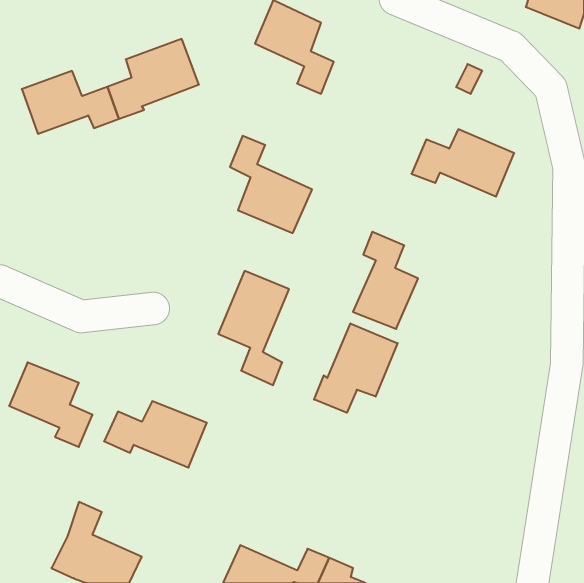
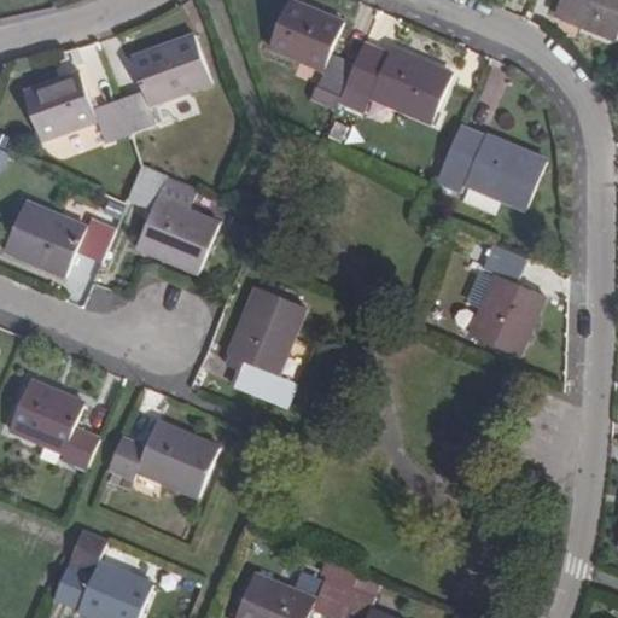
building: none -> [339,46,447,122]
building: [230,136,312,233] -> [128,167,215,269]
building: none -> [5,204,113,274]
building: [353,232,418,329] -> [473,246,542,349]
building: [314,323,398,413] -> none

